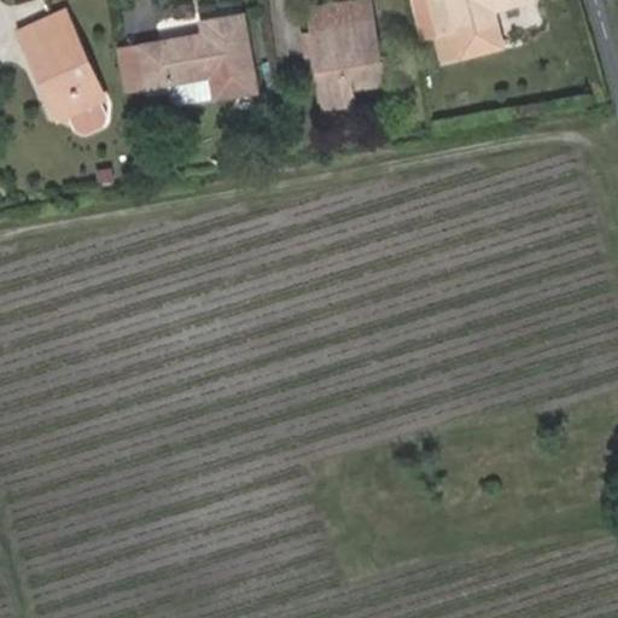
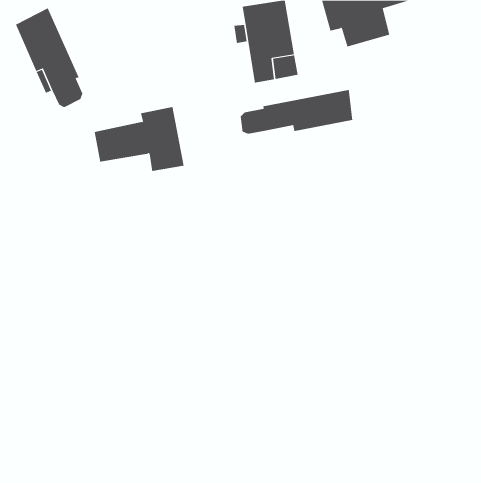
building: [139,13,255,97] -> [94,106,185,172]
building: none -> [240,89,353,134]

